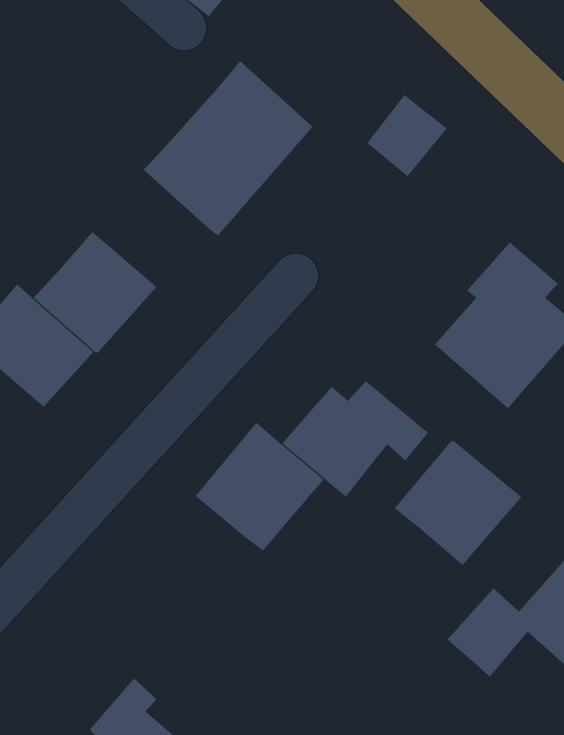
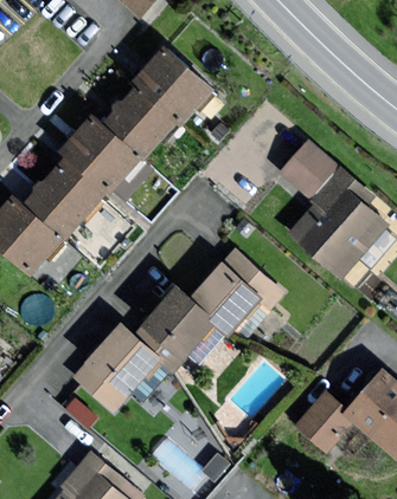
building: [366,94,447,177] -> [282,141,335,195]
building: none -> [57,114,141,196]
building: [394,439,522,566] -> none
building: none -> [77,322,162,415]

